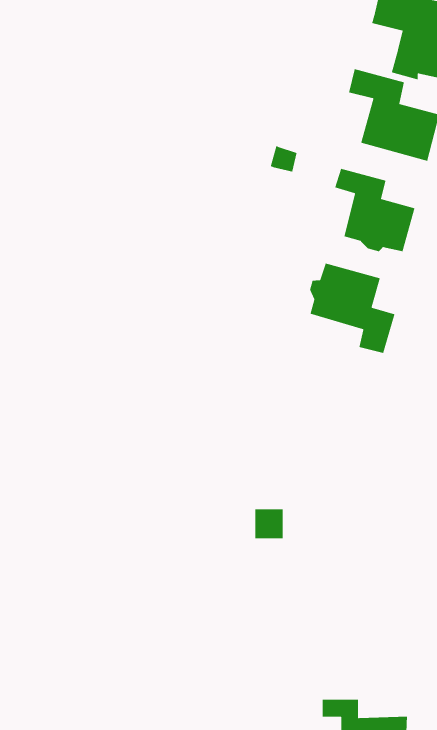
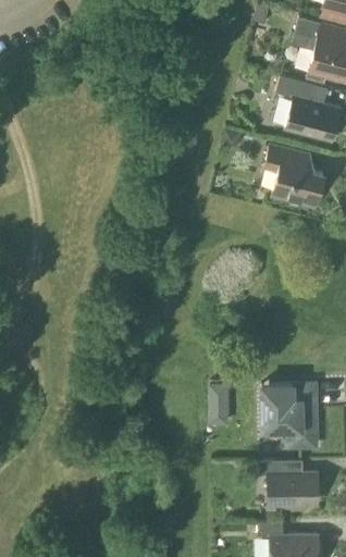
building: [309,262,395,354] -> none
building: none -> [261,383,316,446]
building: none -> [260,460,317,510]

